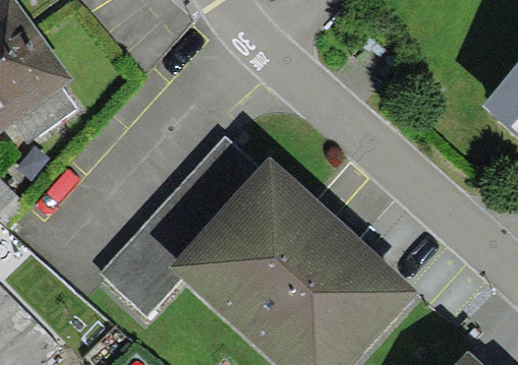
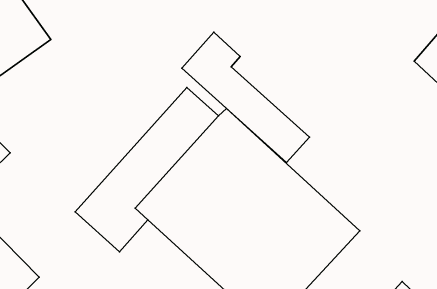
building: none -> [182,32,310,162]

